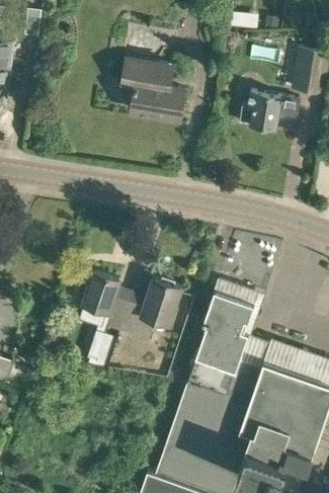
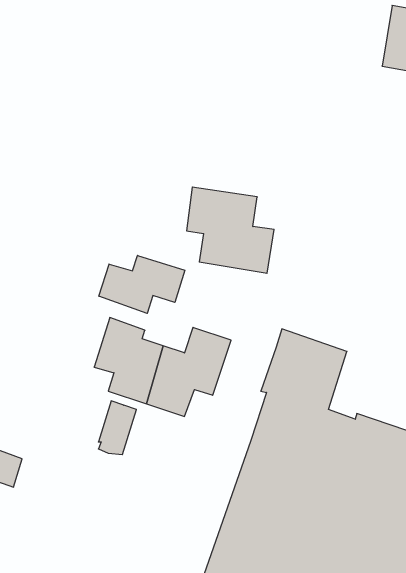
building: [122,59,185,120] -> [187,187,274,273]
building: [240,91,301,130] -> none
building: none -> [99,255,185,313]

